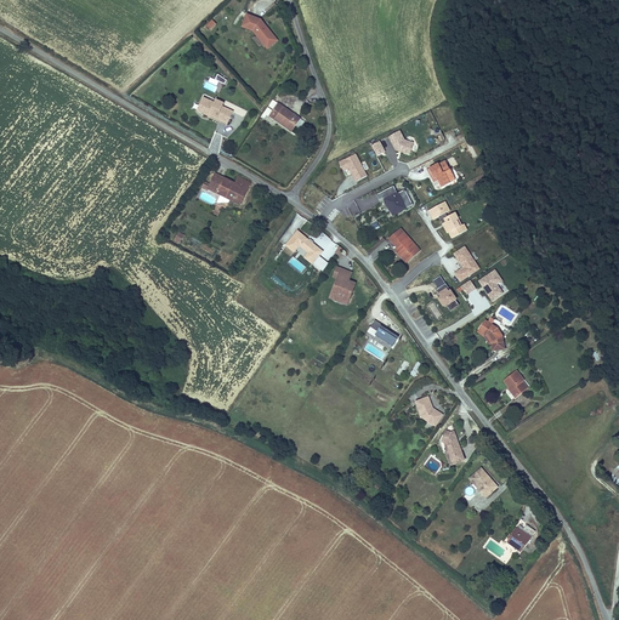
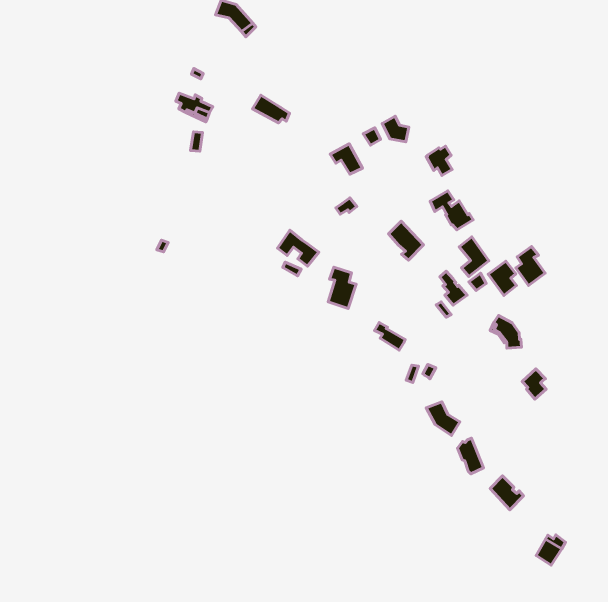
building: [208,174,251,204] -> none
building: [376,186,414,215] -> none
building: none -> [516,246,545,285]

